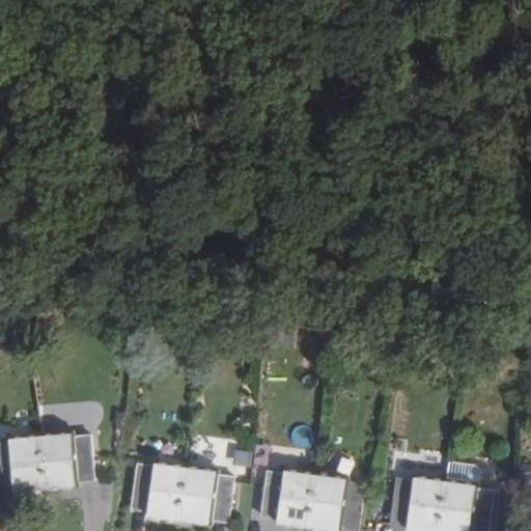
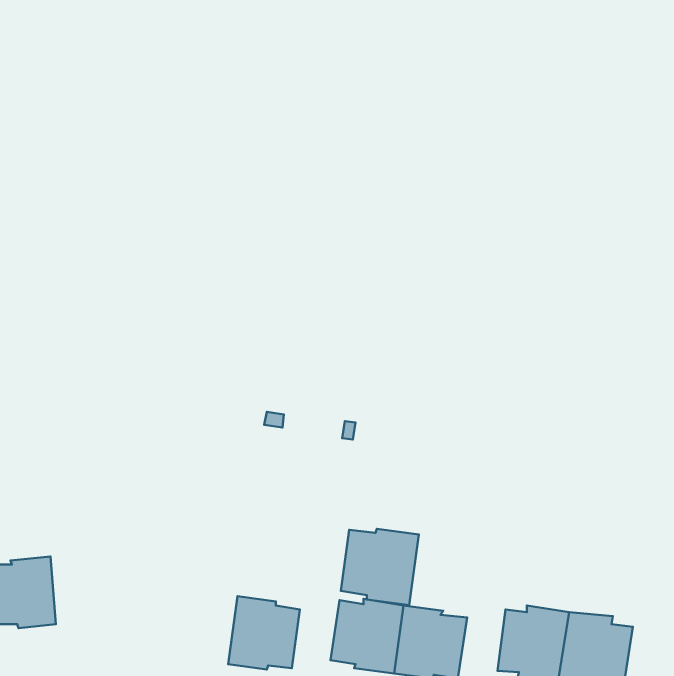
building: none -> [341,529,419,605]
building: [39,434,94,490] -> none
building: [130,464,186,521] -> none

